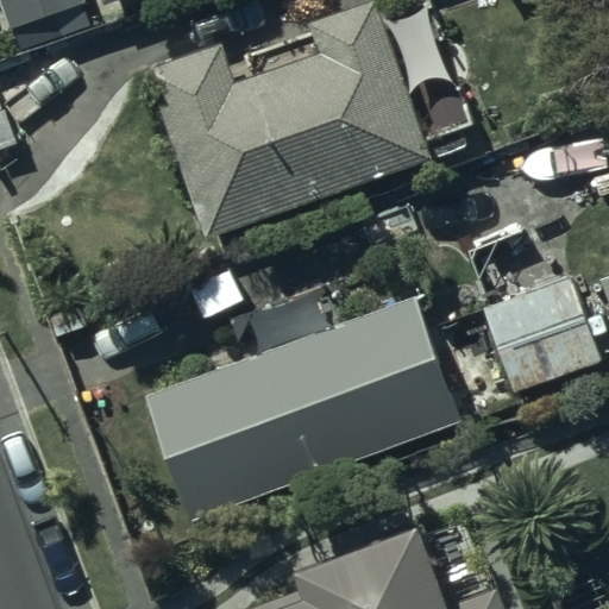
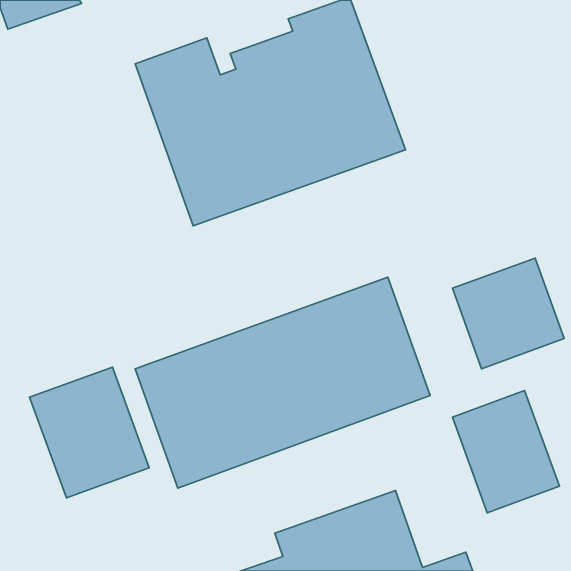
building: none -> [30,367,149,498]
building: none -> [452,391,559,513]

